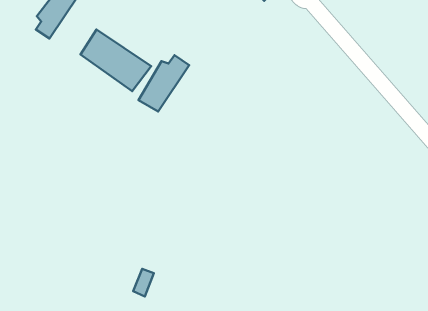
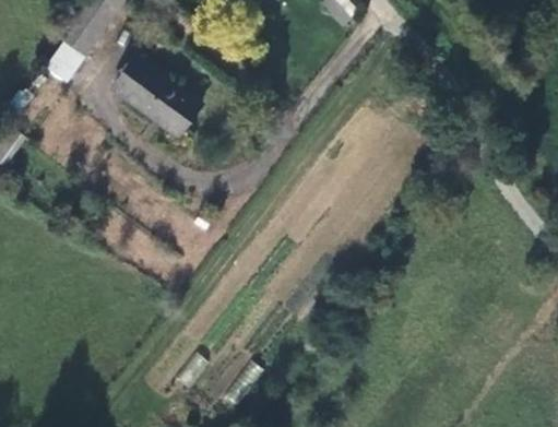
building: [139,55,189,111] -> none

